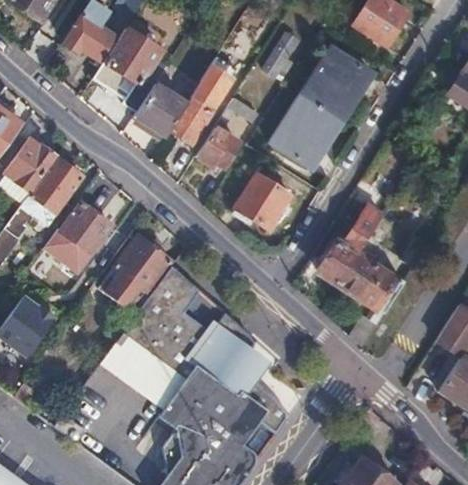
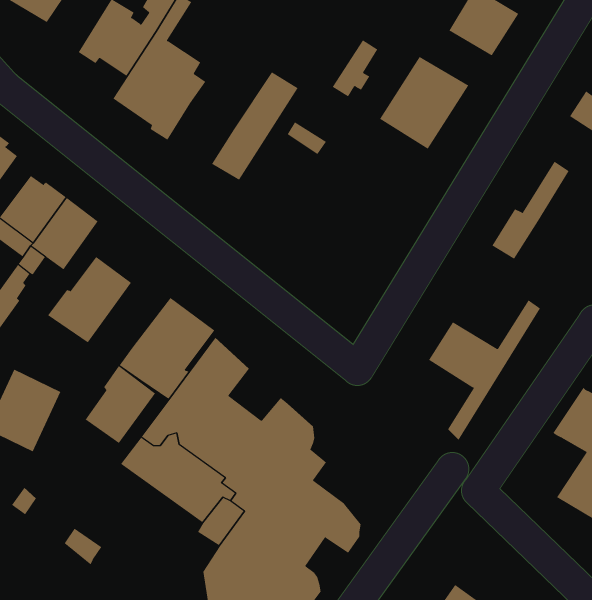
building: [132,83,187,137] -> none
building: [271,95,339,167] -> none
building: [198,128,239,168] -> none
building: [236,175,290,229] -> none
building: [321,206,382,283] -> [491,161,570,260]
building: none -> [85,365,156,444]

